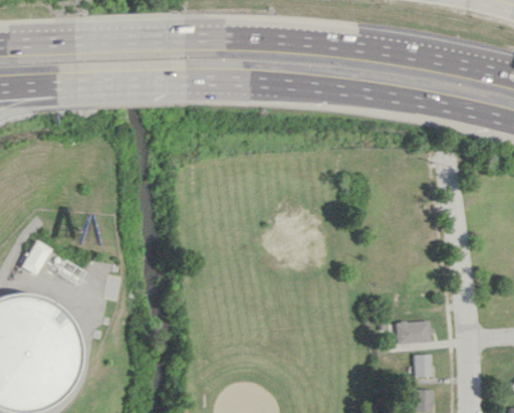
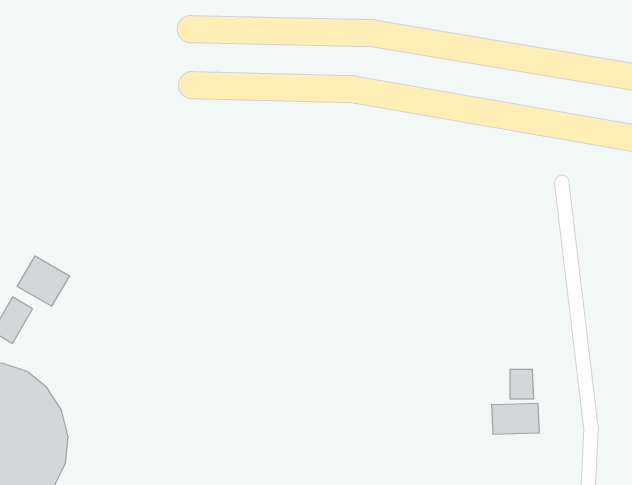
building: none -> [17,256,69,306]
building: [414,356,432,378] -> [510,370,534,399]

